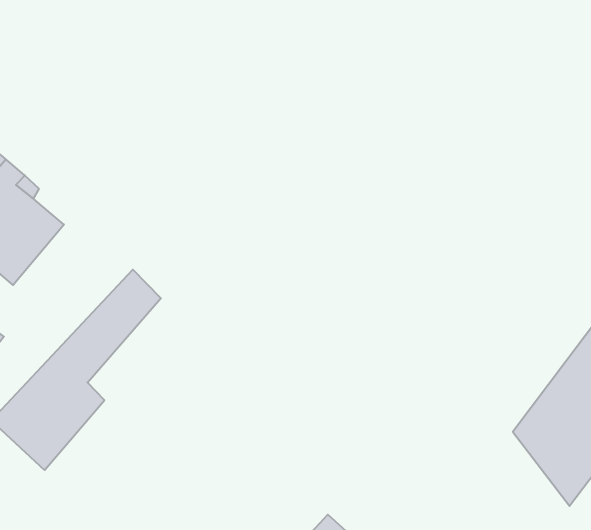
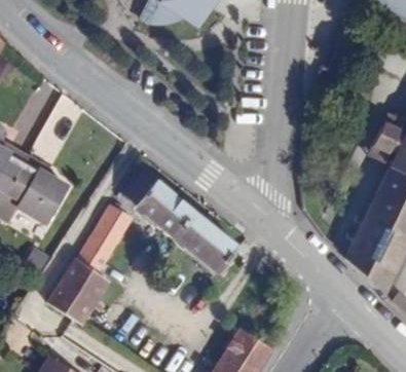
building: none -> [124,176,239,274]

